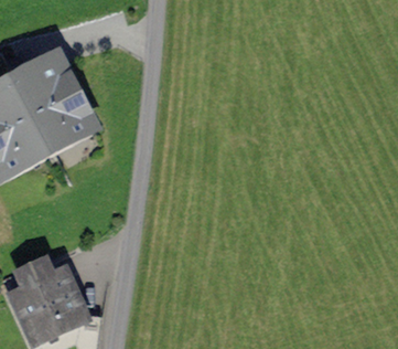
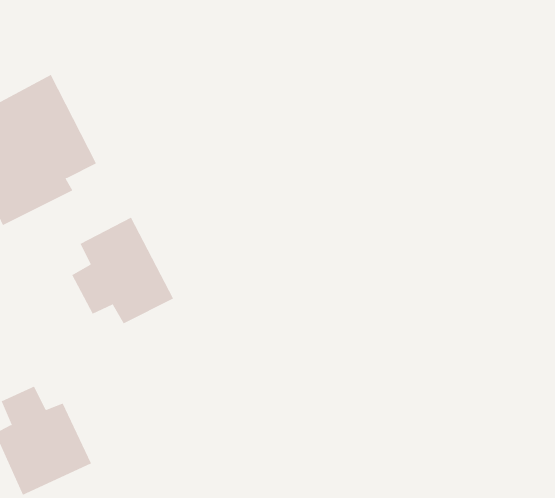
building: none -> [71,217,174,324]

